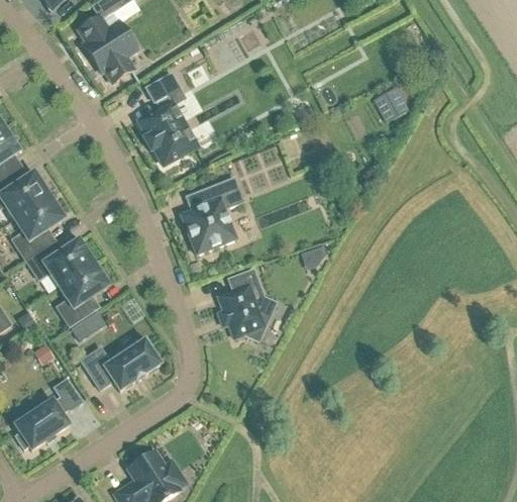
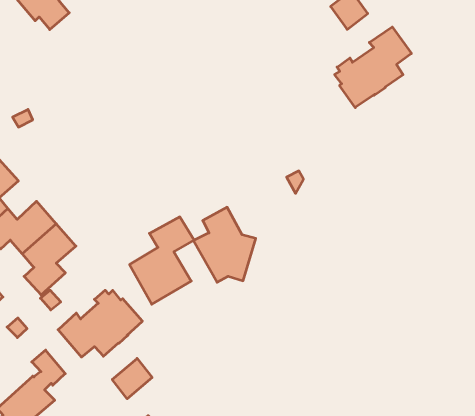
building: [139,73,197,164] -> none
building: none -> [335,27,411,108]
building: [182,177,244,254] -> [130,217,194,304]
building: none -> [112,358,152,399]

